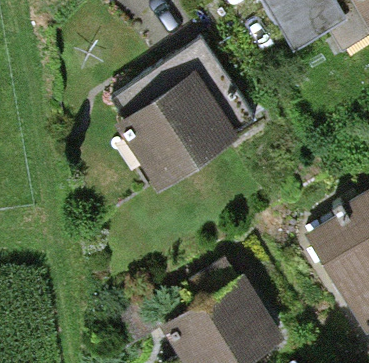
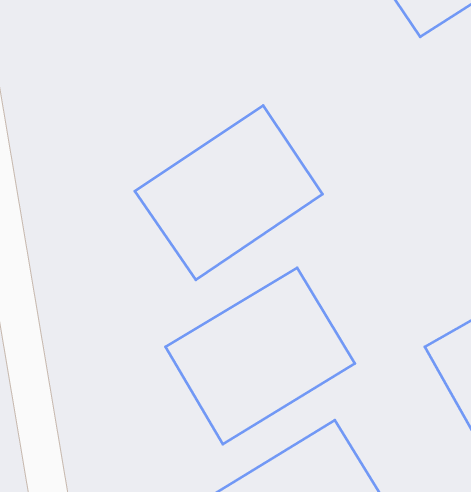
building: none -> [165,268,355,444]

